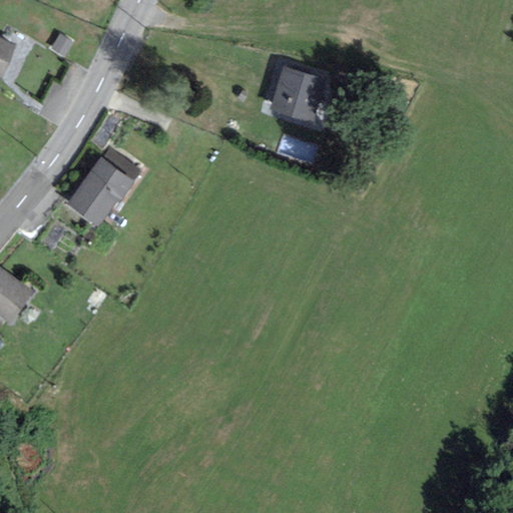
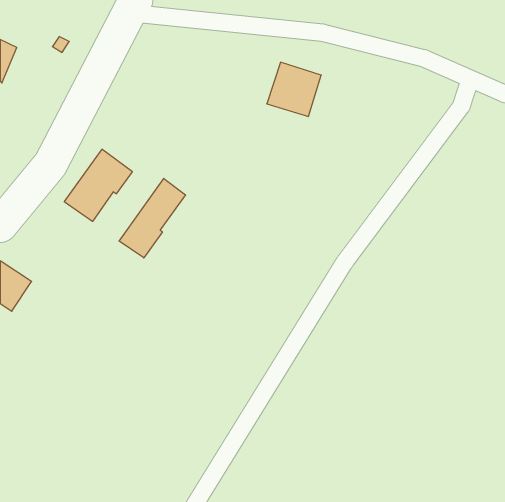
building: none -> [119,178,186,258]

